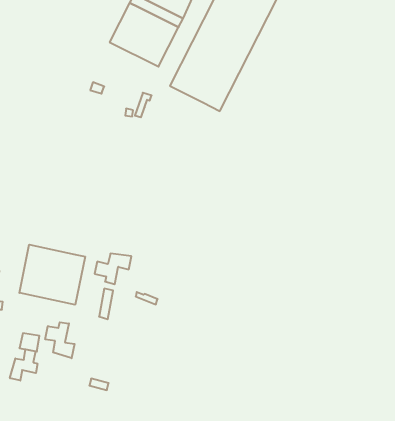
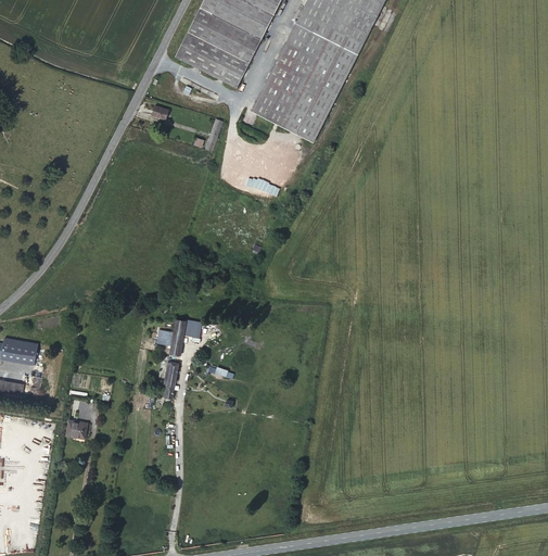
building: [19,245,85,305] -> none
building: [45,322,75,358] -> none
building: [10,349,37,381] -> none

